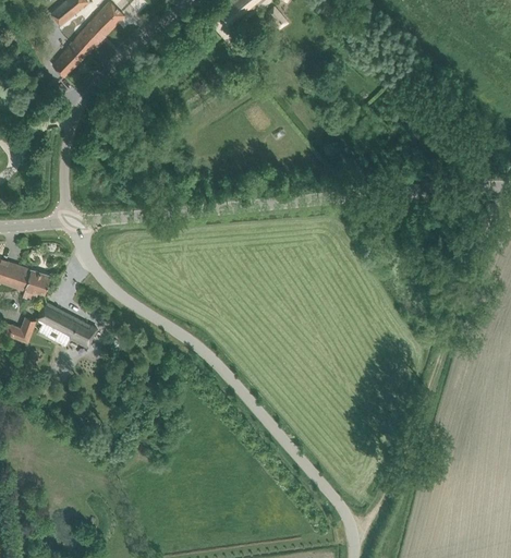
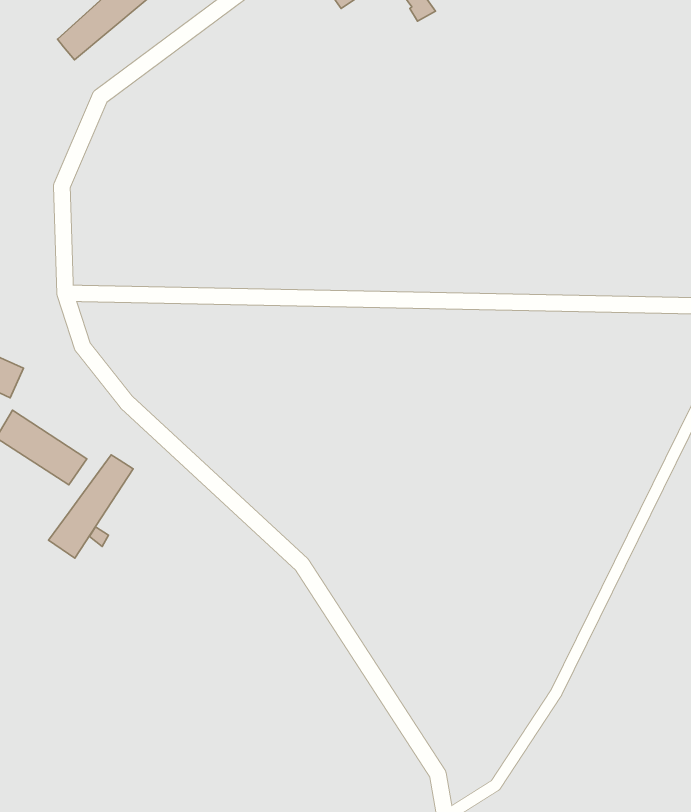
building: none -> [48,455,133,558]

